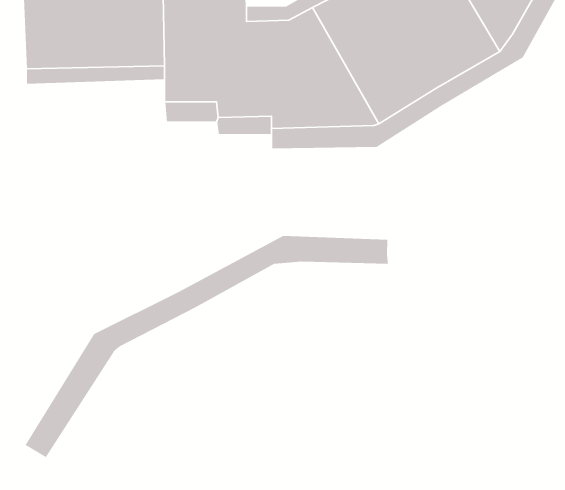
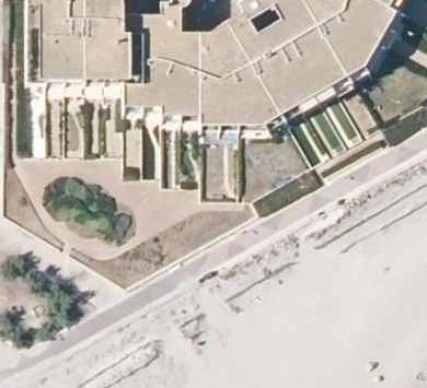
building: [24,235,389,458] -> none

